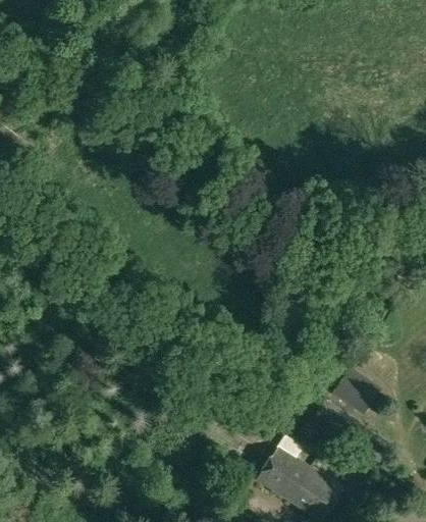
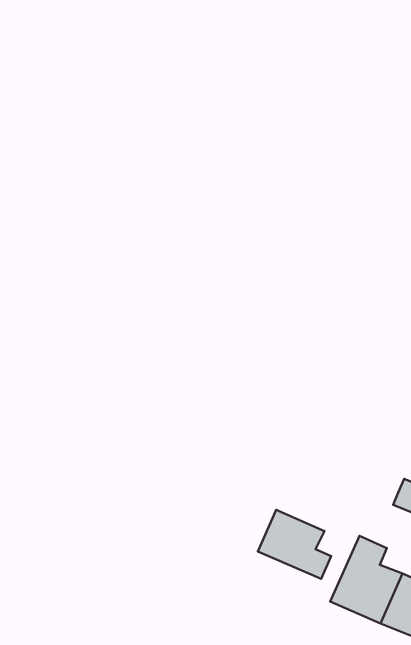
building: none -> [258,510,331,579]

